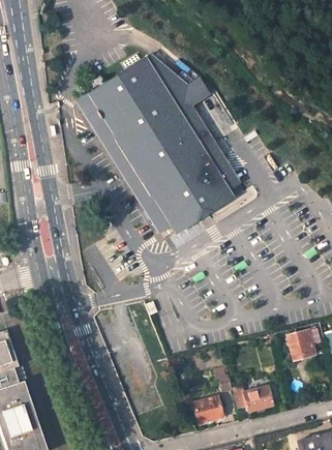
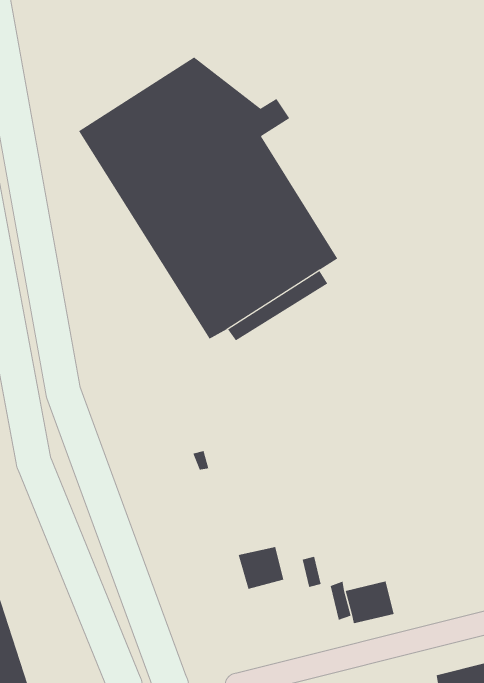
building: [288,322,326,360] -> none
building: [192,395,221,422] -> [238,547,284,590]

